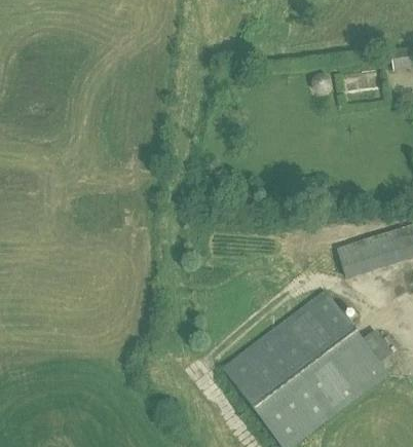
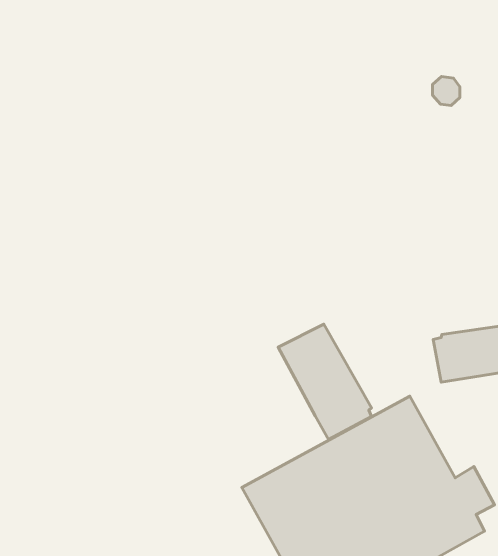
building: none -> [278,324,372,439]

